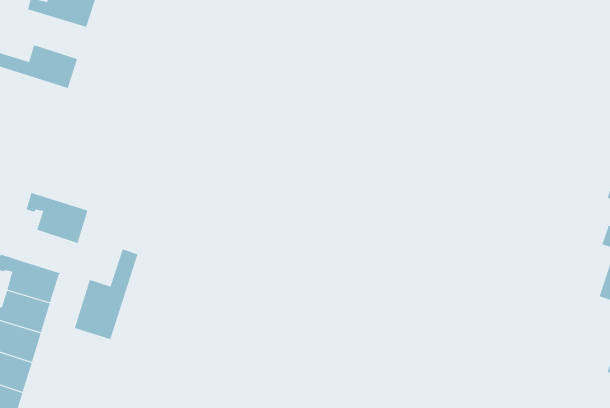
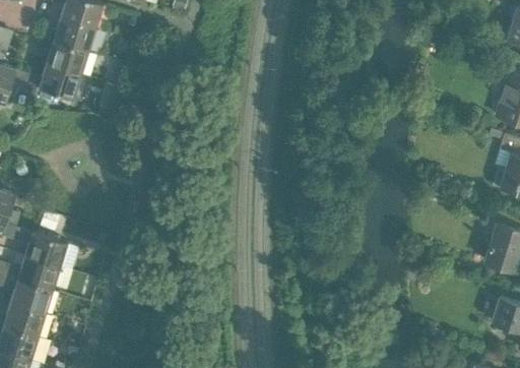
building: none -> [37,40,87,78]
building: [26,192,88,244] -> none
building: [74,249,138,340] -> none

